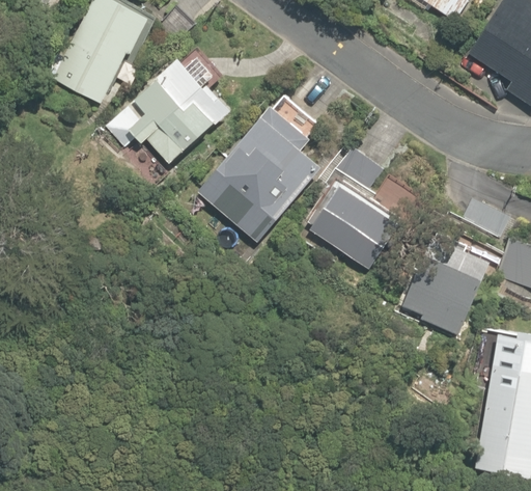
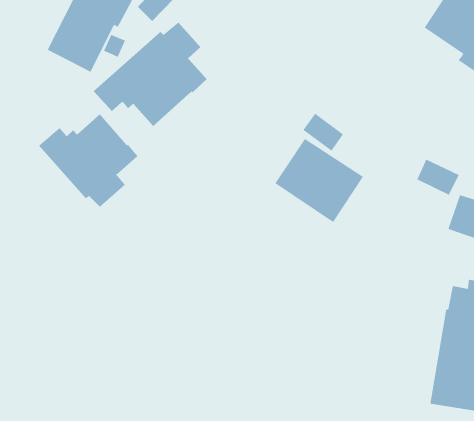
building: [198,96,322,242] -> none
building: none -> [38,114,138,208]
building: [402,236,490,335] -> none

